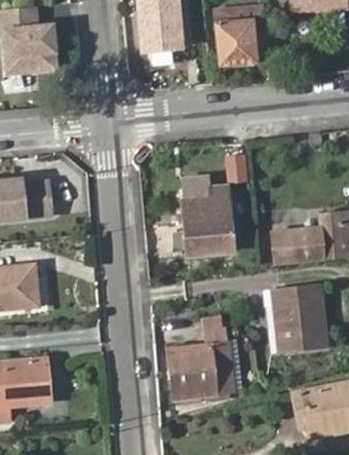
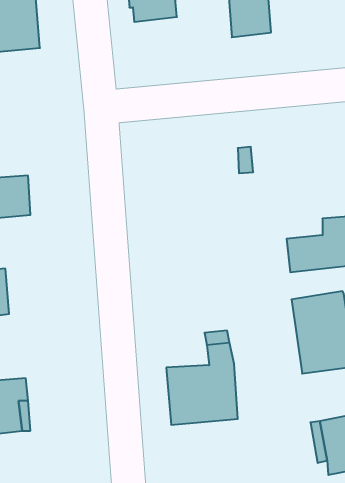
building: [180,185,233,252] -> none

